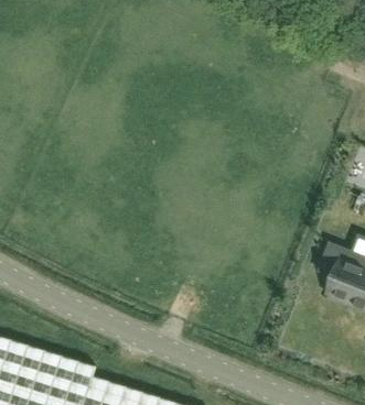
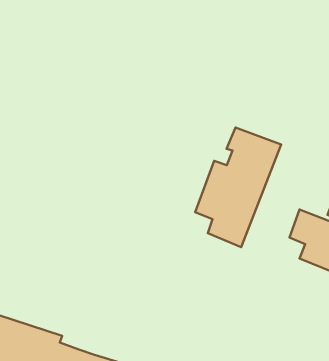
building: none -> [195,128,281,247]

